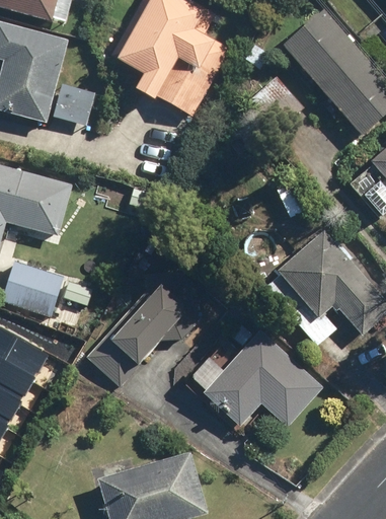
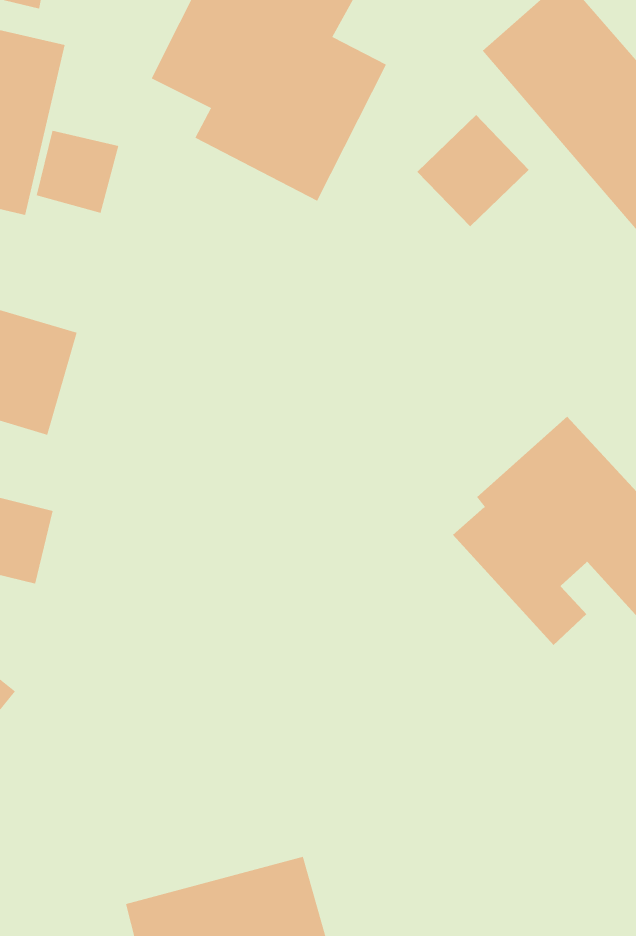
building: [89,282,186,382] -> none
building: [188,327,324,427] -> none

